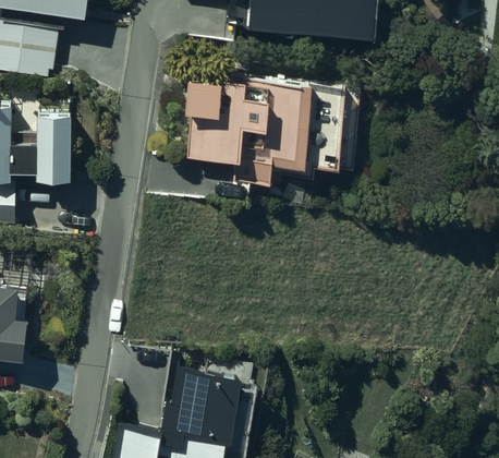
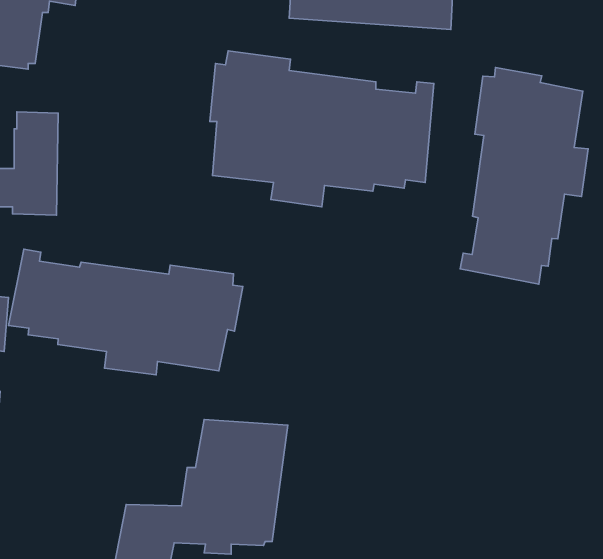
building: none -> [460,68,588,284]
building: none -> [9,249,243,375]

